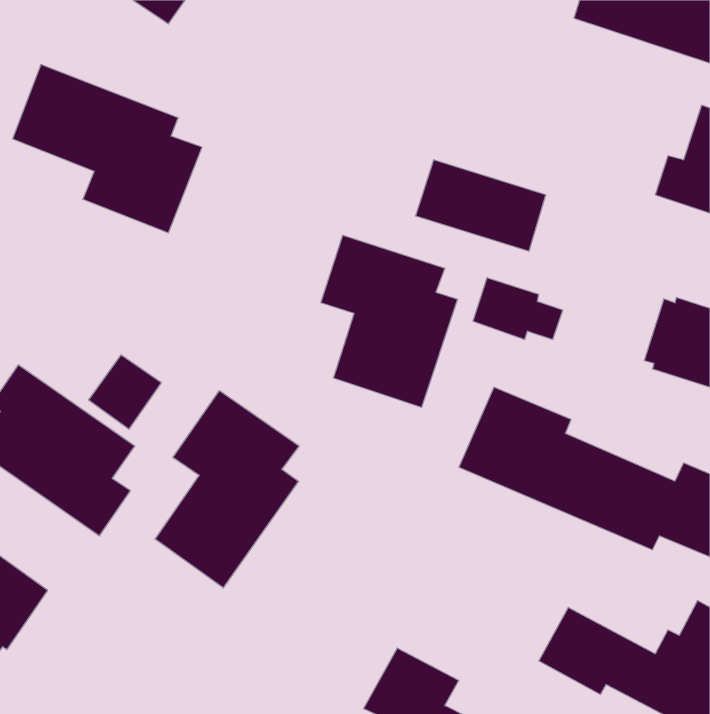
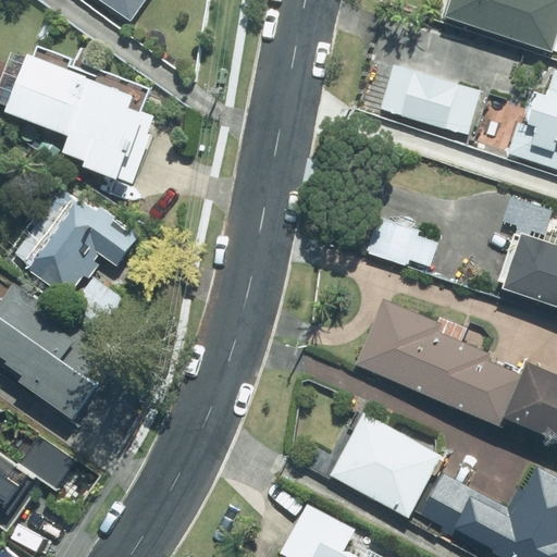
building: [415,160,546,251] -> [379,65,480,136]
building: [321,235,458,408] -> none
building: none -> [15,189,144,298]
building: [155,391,299,588] -> none
building: none -> [331,412,445,518]

